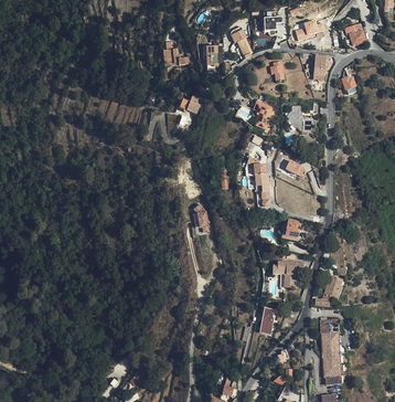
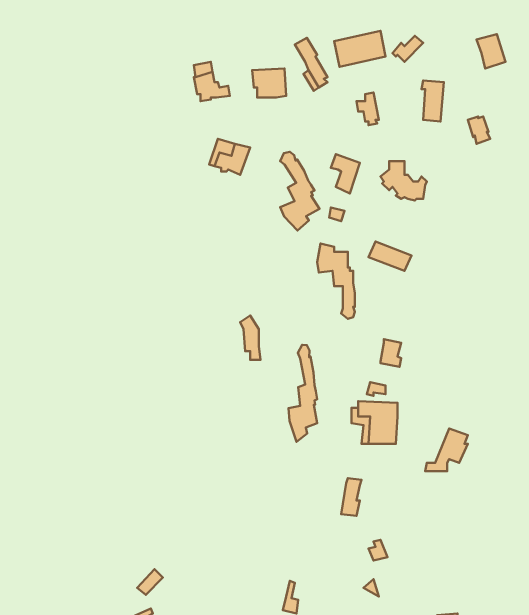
building: none -> [280,152,320,231]
building: none -> [289,345,317,442]
building: [320,321,341,385] -> none

